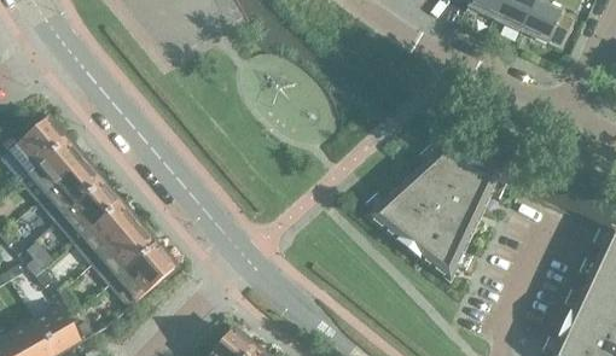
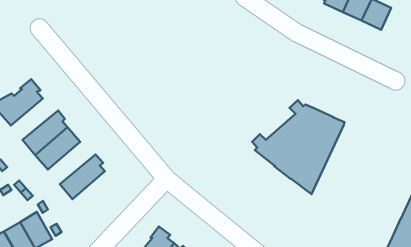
building: [21,142,88,202] -> none
building: [74,204,141,264] -> none
building: [109,246,180,308] -> none

